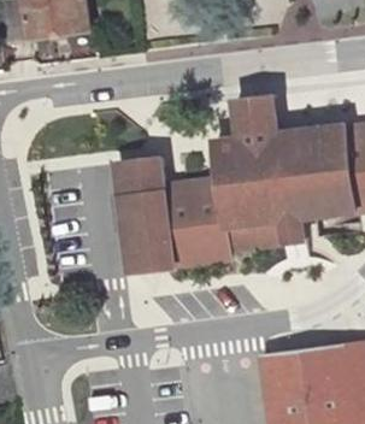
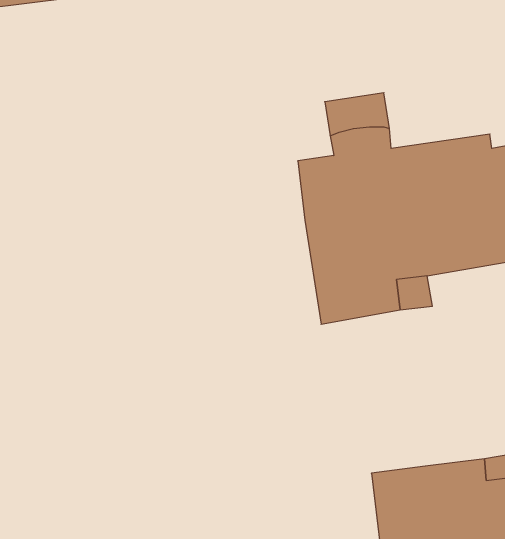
building: [124,155,231,271] -> none

